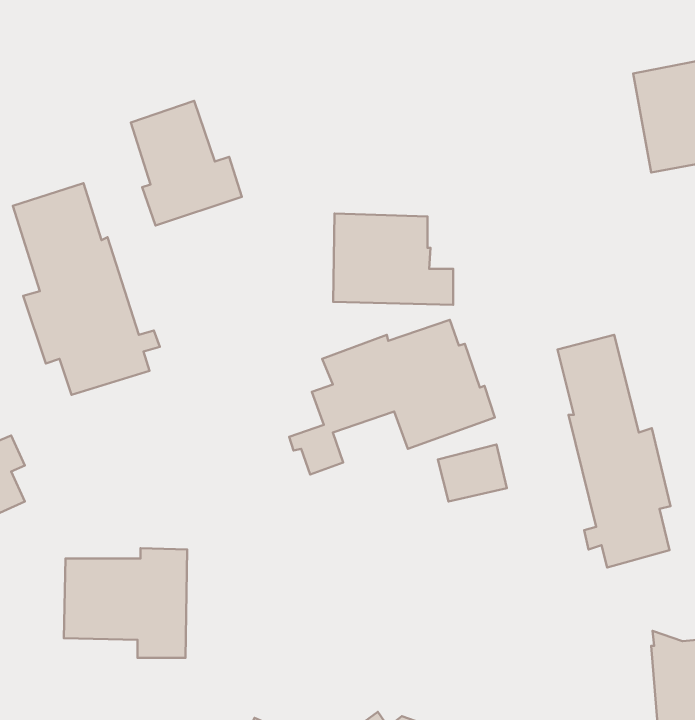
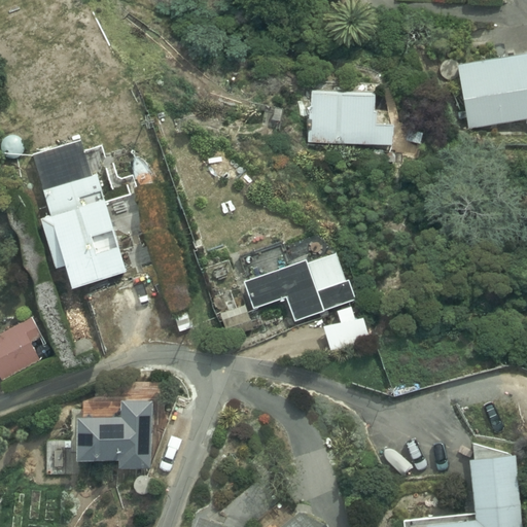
building: [131,101,242,225] -> none
building: [333,213,453,305] -> [311,91,393,153]
building: [557,335,671,567] -> none

